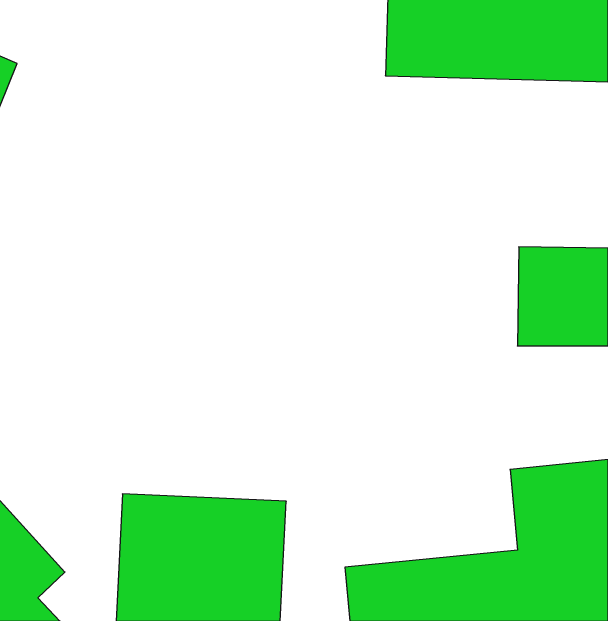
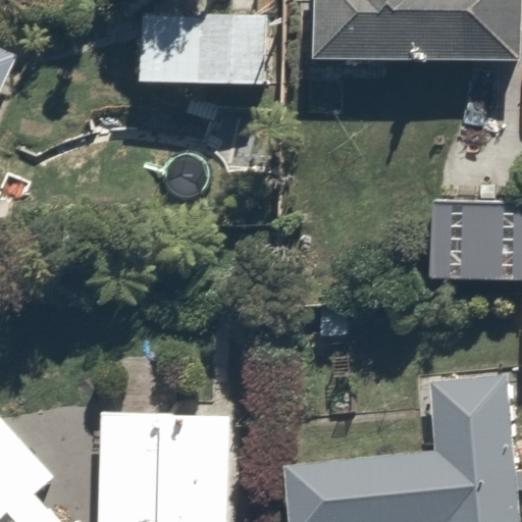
building: none -> [130,9,270,84]

